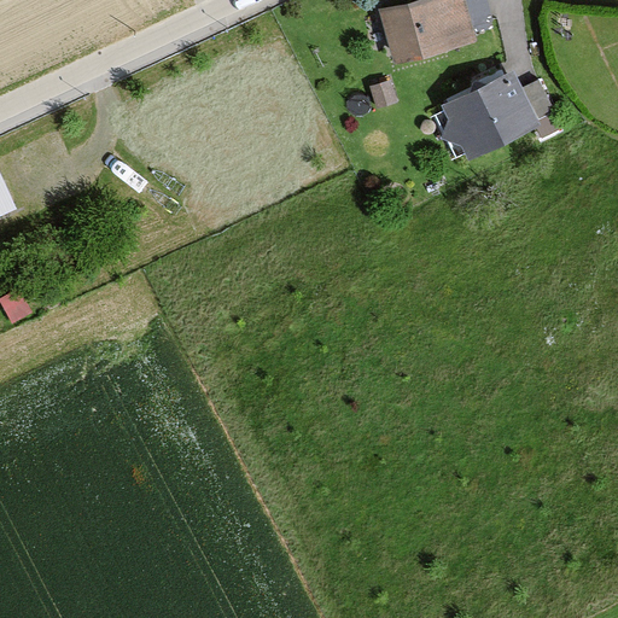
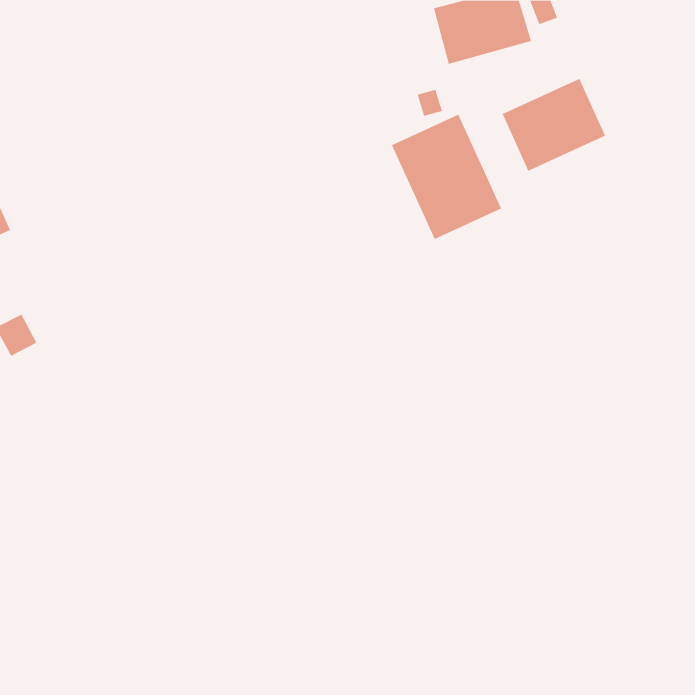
building: none -> [391,114,502,240]

